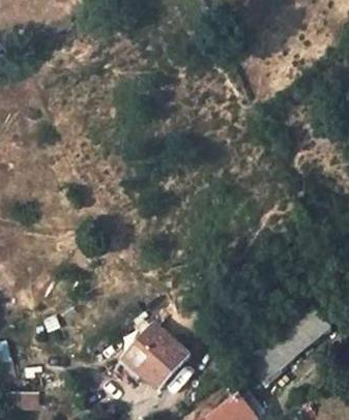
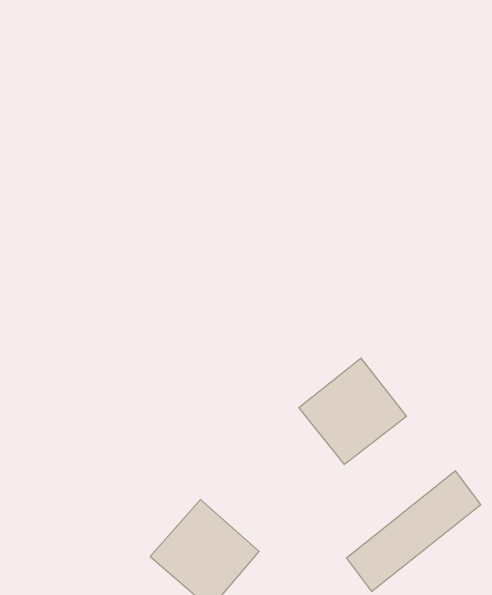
building: none -> [299,358,406,464]

